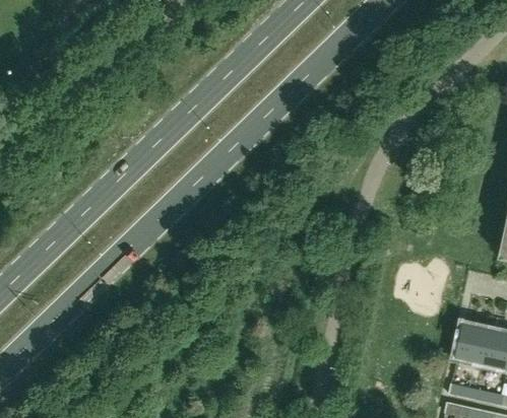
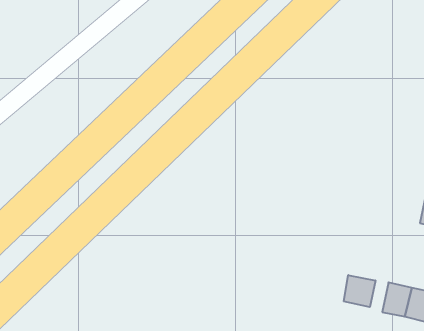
building: none -> [344,275,375,307]

